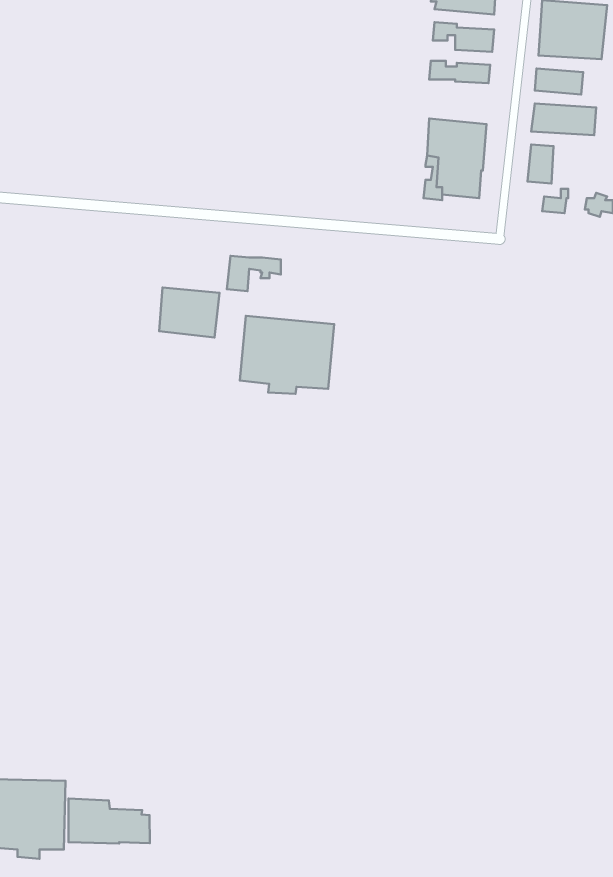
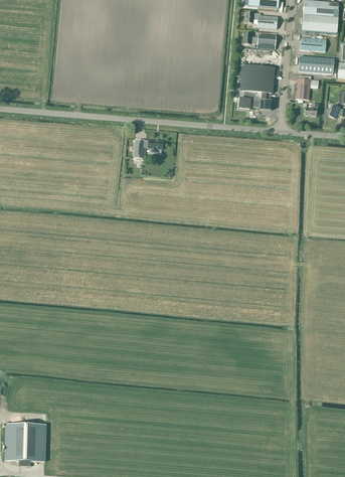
building: [159,288,220,338] -> none
building: [240,316,334,394] -> none
building: [68,799,150,843] -> none

